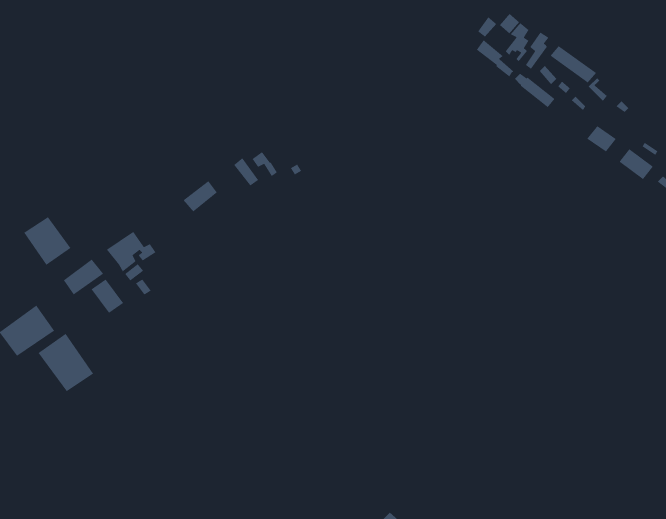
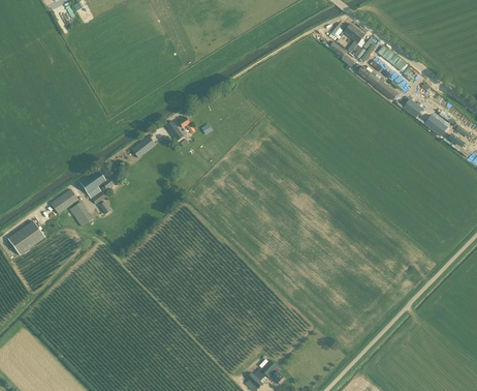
building: [23,216,72,266] -> none
building: [37,333,94,392] -> none

